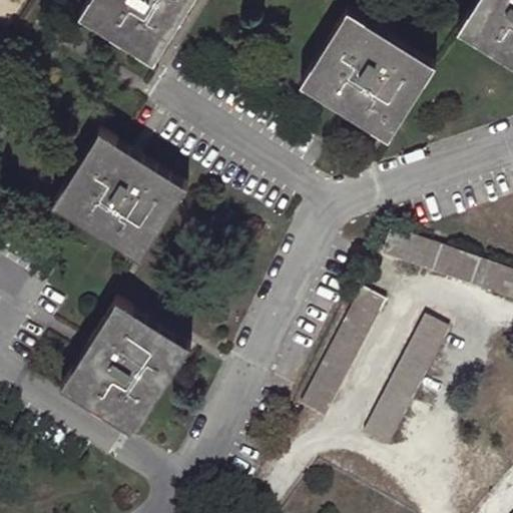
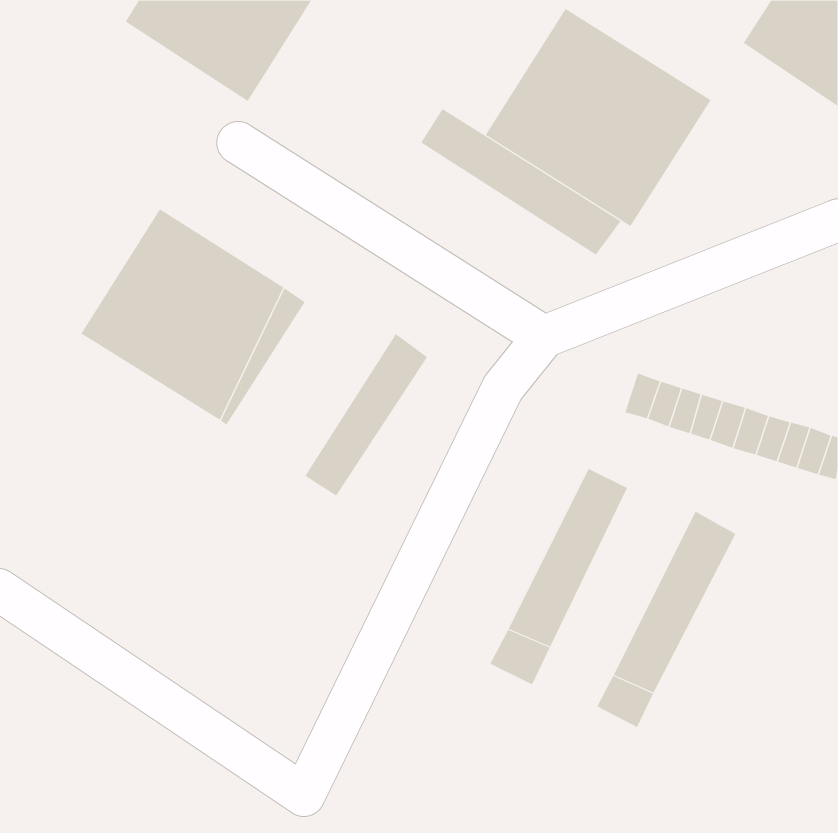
building: none -> [420,108,622,256]
building: none -> [304,333,428,497]
building: [60,297,191,434] -> none

